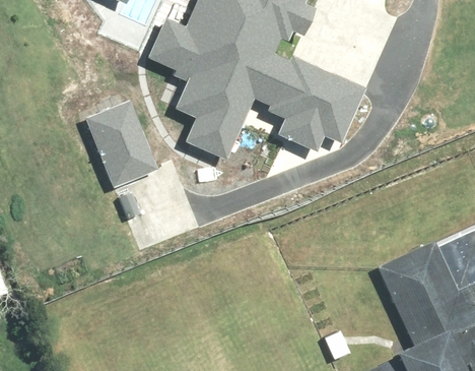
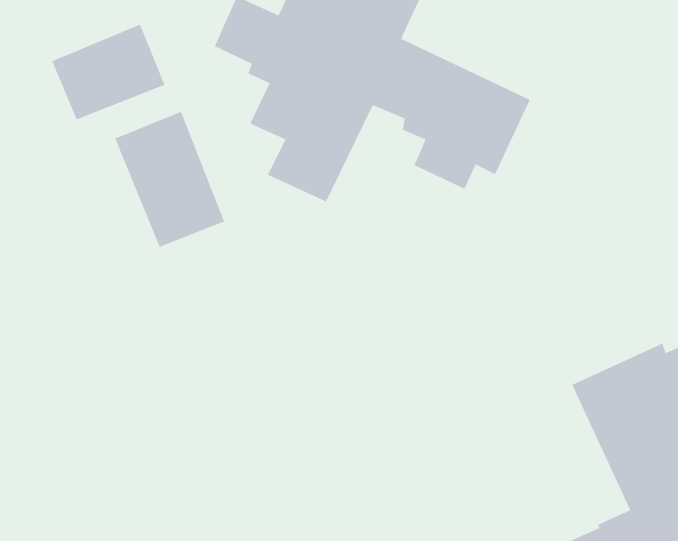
building: none -> [51,24,165,121]

